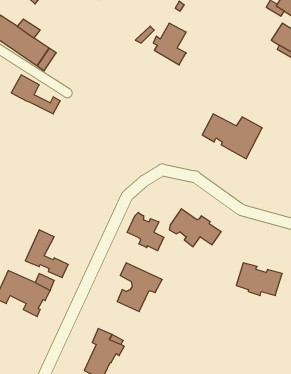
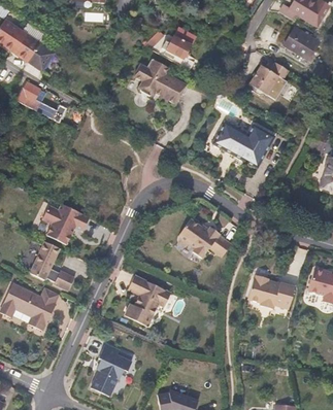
building: none -> [133,58,186,103]
building: none -> [248,61,288,94]
building: none -> [42,202,89,243]
building: [127,212,164,251] -> none

